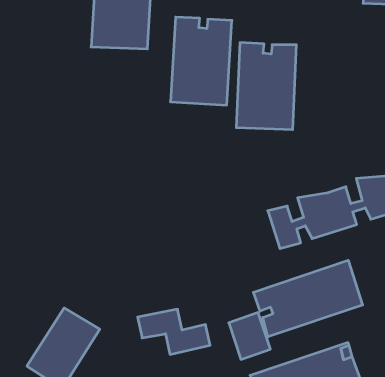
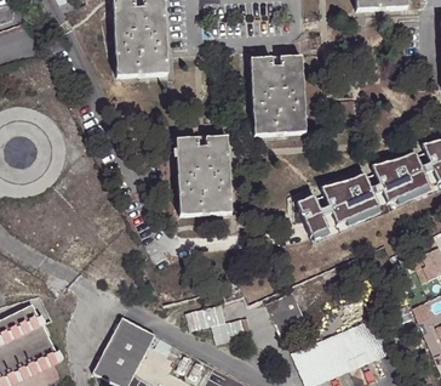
building: [170,17,232,105] -> [177,136,231,215]
building: [253,260,363,337] -> none

